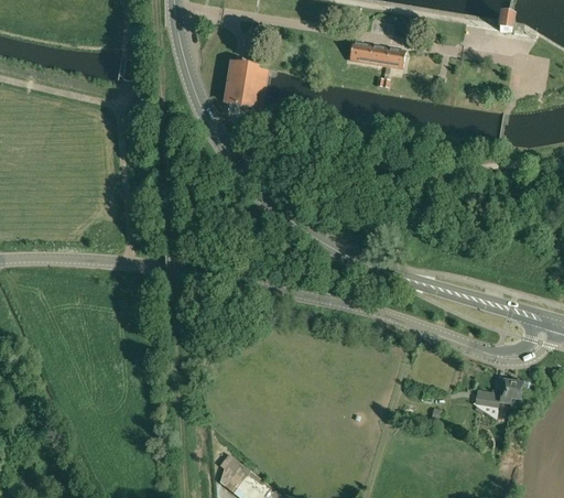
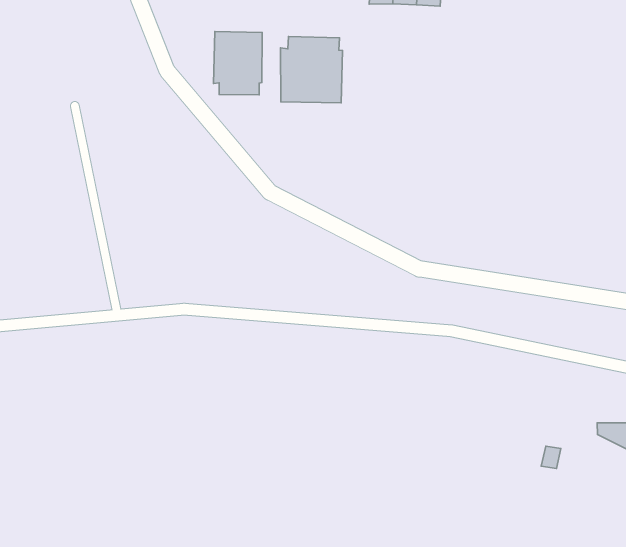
building: none -> [281,37,343,103]

